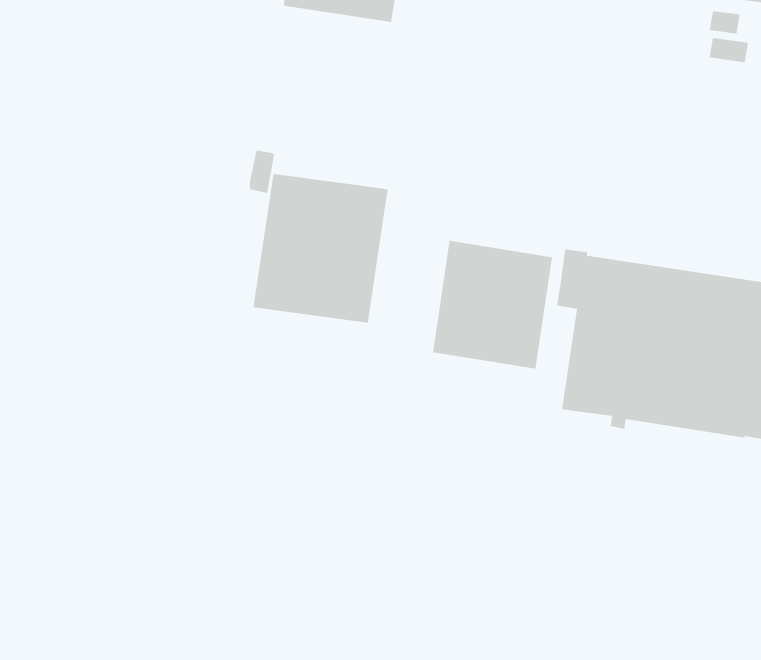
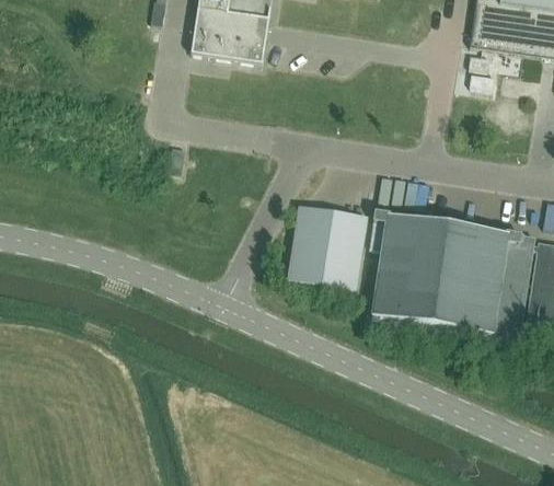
building: [253,173,388,323] -> none

